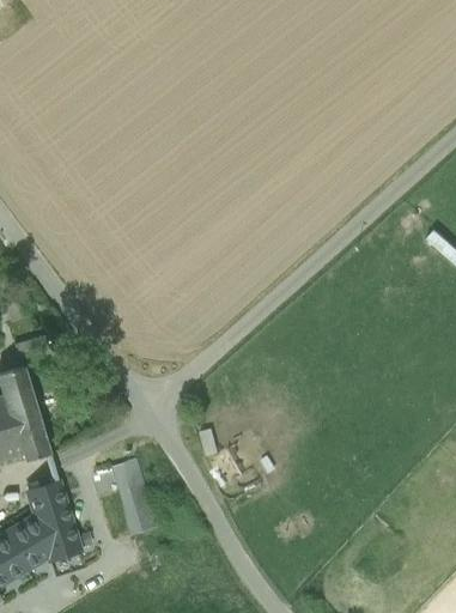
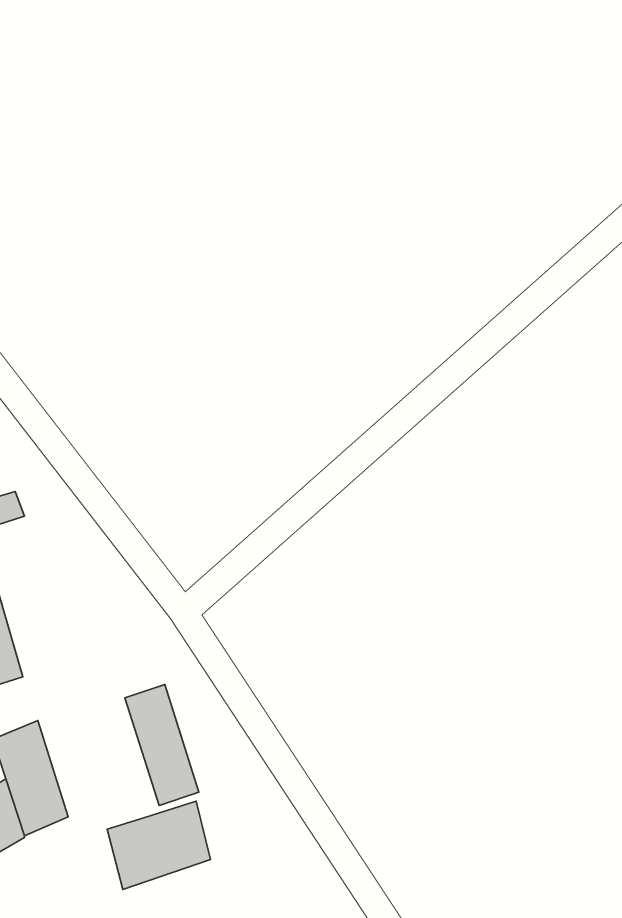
building: none -> [107,801,211,889]

